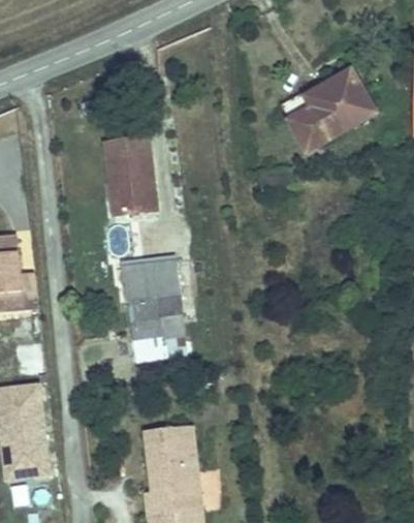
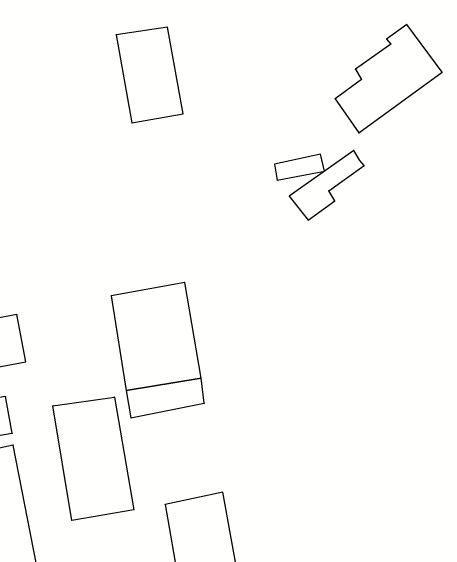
building: [288,73,348,125] -> [289,150,364,220]
building: [107,142,155,214] -> [116,27,183,123]
building: none -> [53,397,134,520]

